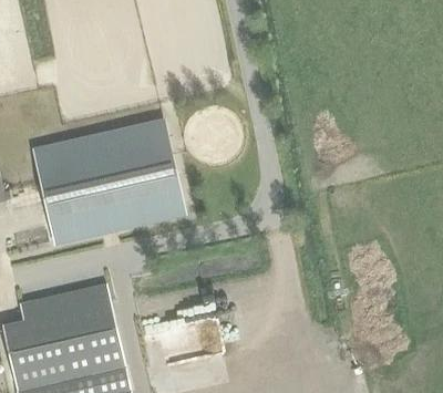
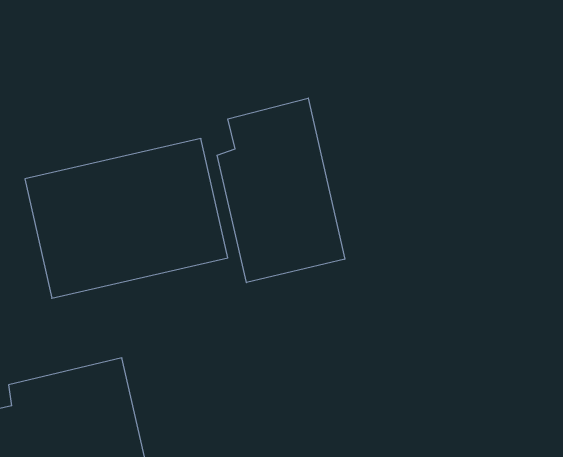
building: none -> [217,98,345,283]

